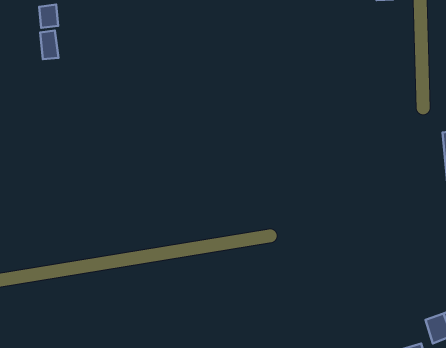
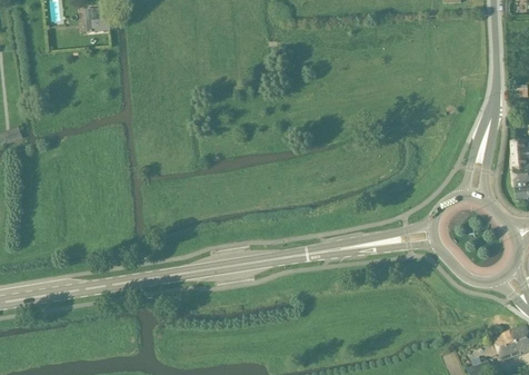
building: [40,31,59,59] -> none

